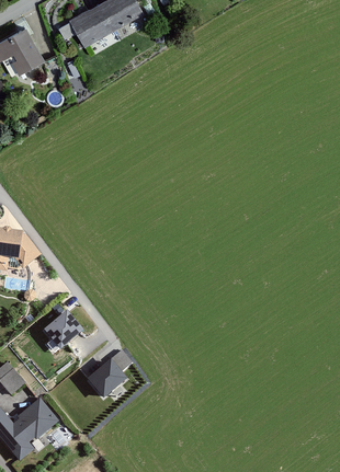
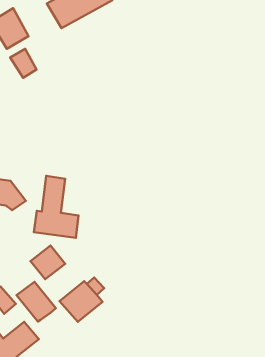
building: none -> [10,49,37,78]
building: none -> [34,176,79,238]
building: none -> [16,282,56,322]

